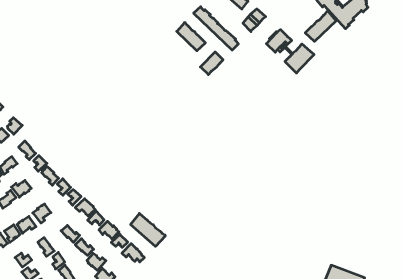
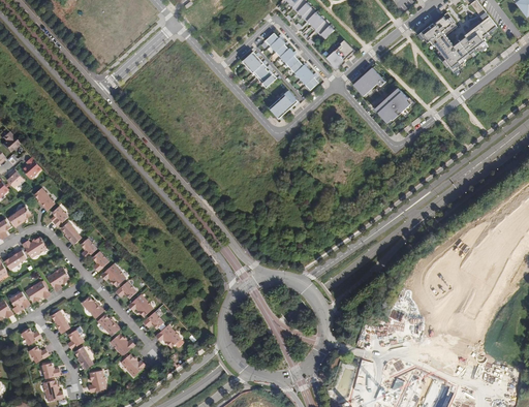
building: [305,11,336,41] -> none
building: [131,213,165,246] -> none

